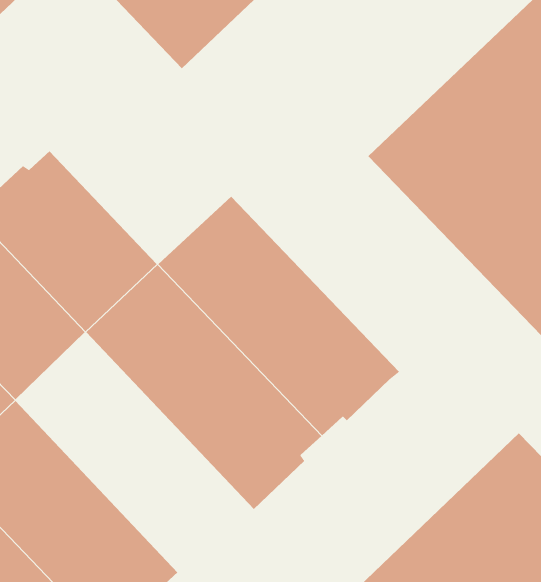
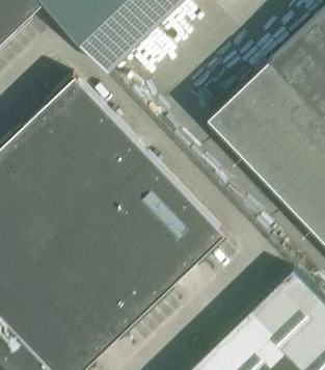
building: none -> [35,75,135,178]
building: none -> [17,215,147,347]

